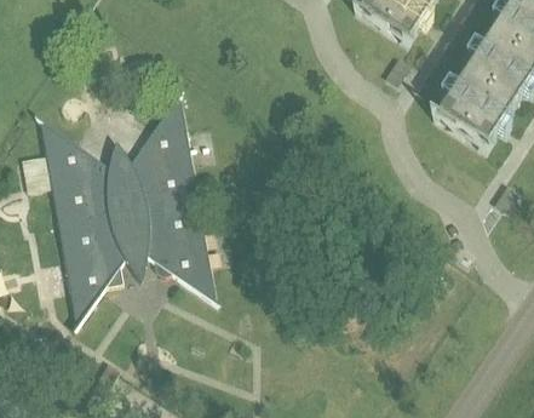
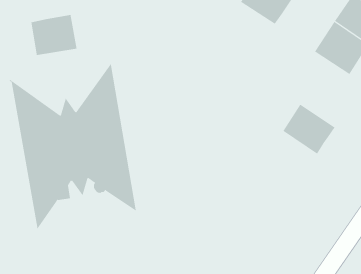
building: none -> [31,14,77,56]
building: [436,74,510,144] -> [283,104,336,154]

